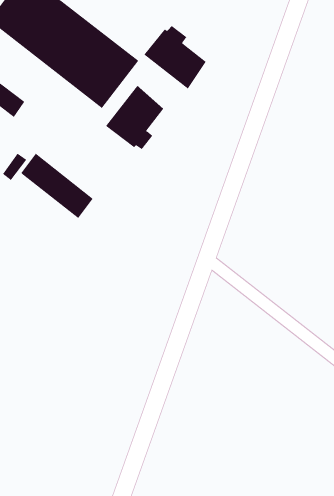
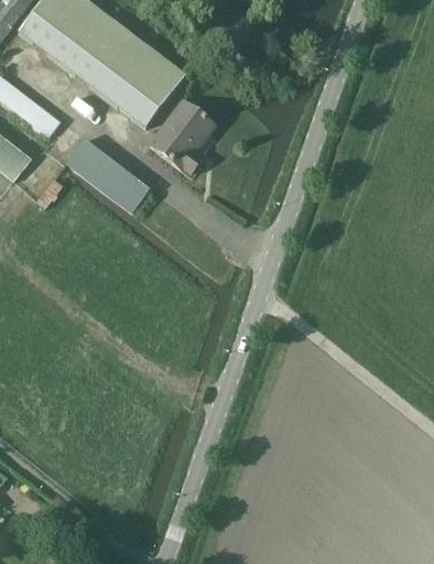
building: [143,25,207,89] -> none
building: [20,153,93,219] -> [66,139,147,212]

